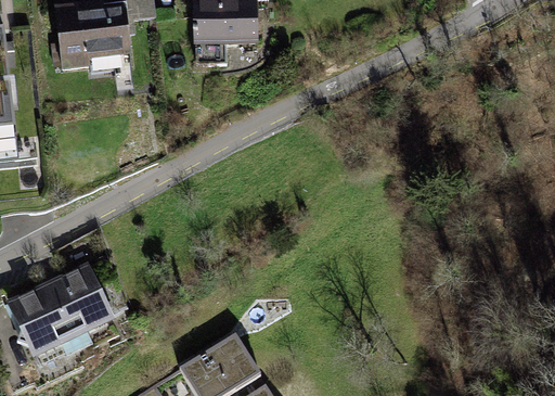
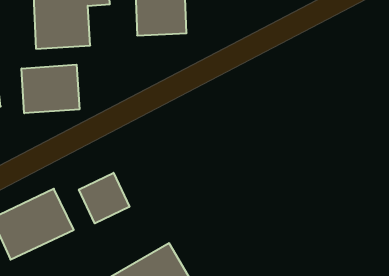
building: none -> [22,65,79,113]
building: none -> [79,173,129,223]

